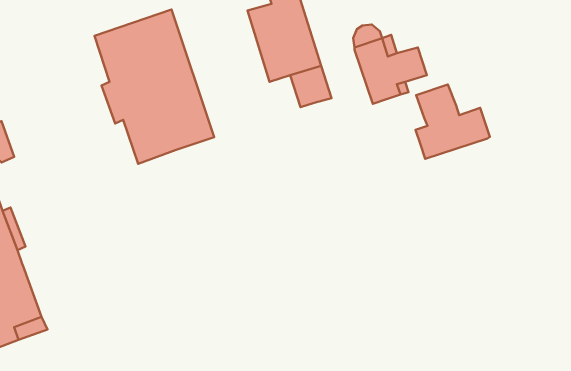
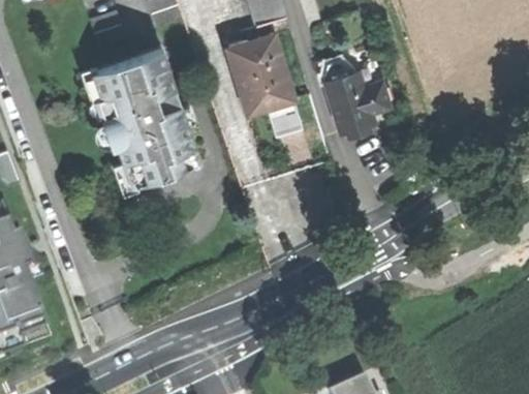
building: [416,84,490,159] -> none

